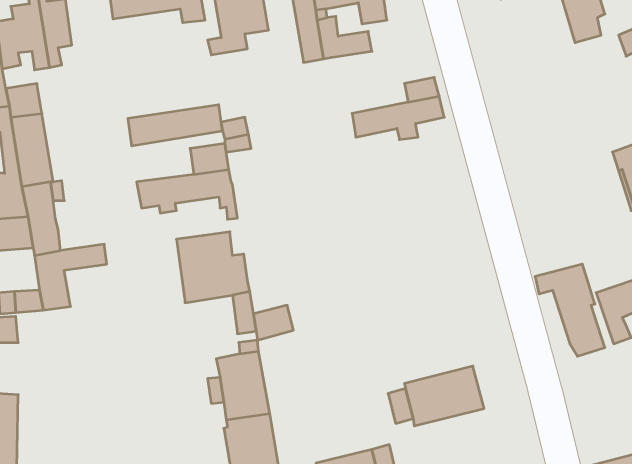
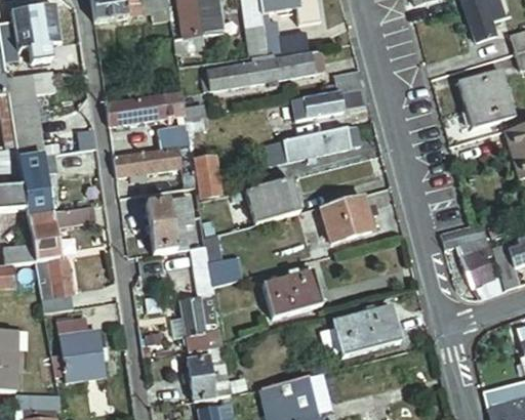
building: none -> [208,51,324,88]
building: none -> [459,69,514,128]
building: none -> [264,125,361,164]
building: none -> [193,154,224,200]
building: none -> [244,176,299,222]
building: none -> [321,194,376,240]
building: none -> [37,258,72,298]
building: none -> [262,266,322,318]
building: none -> [52,318,108,380]

